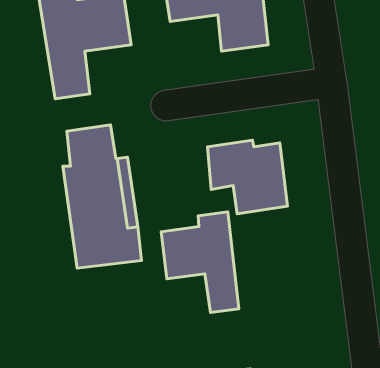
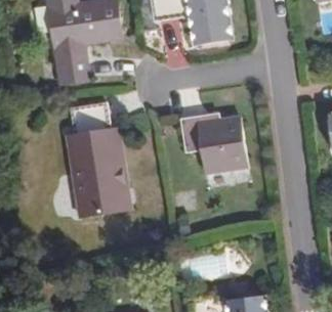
building: [161,212,239,313] -> none

